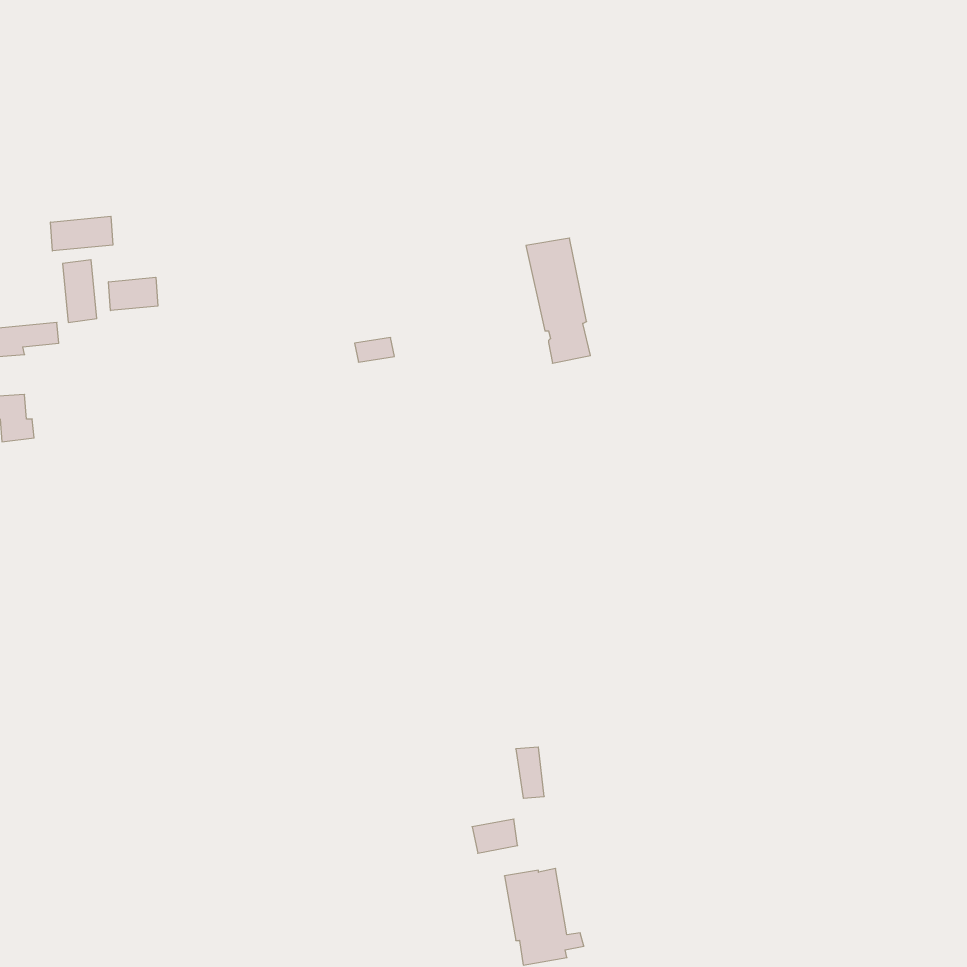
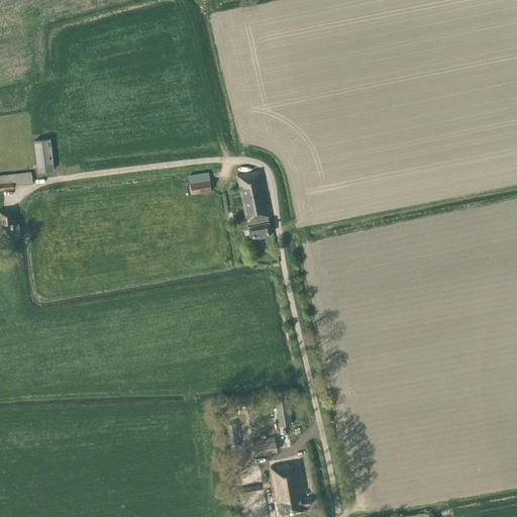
building: [51,216,113,251] -> none
building: [526,238,590,363] -> [235,172,270,238]
building: [109,277,158,311] -> none

